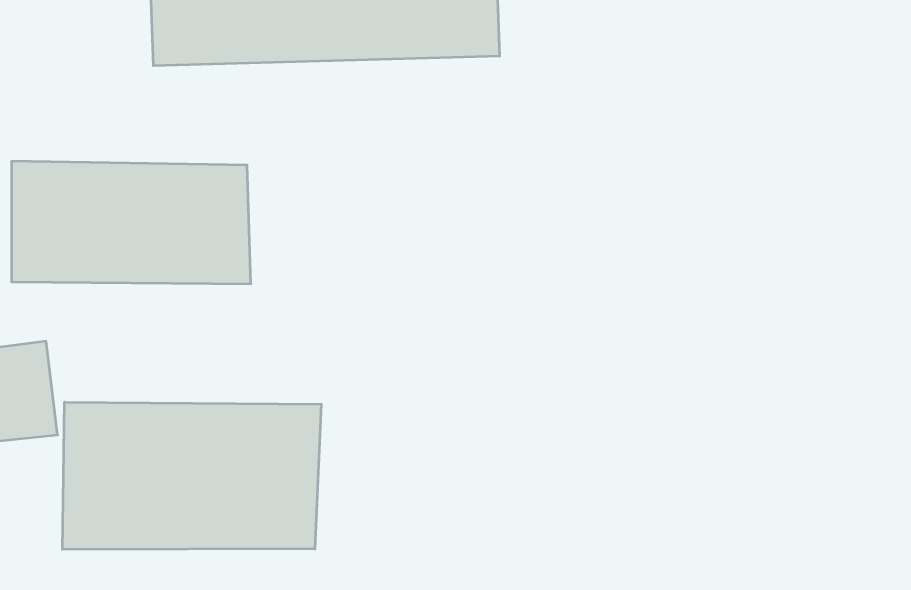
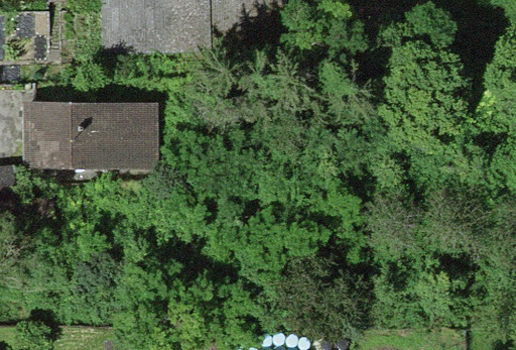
building: [62,402,321,549] -> none

